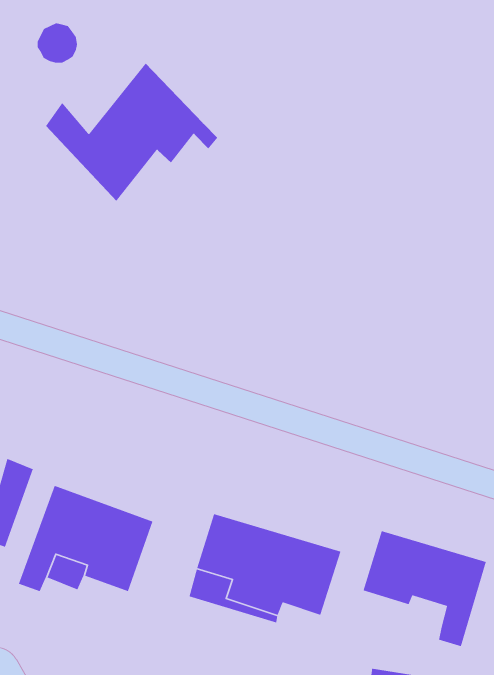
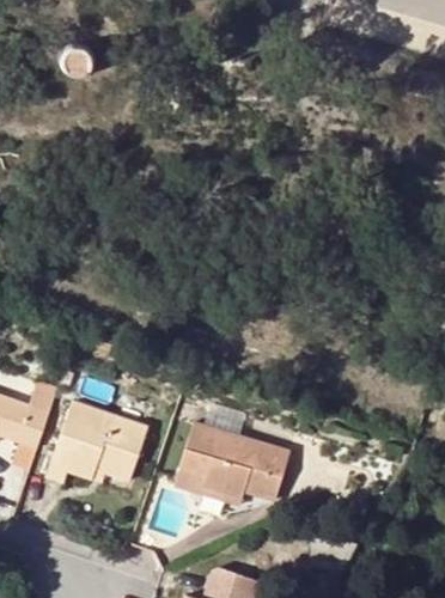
building: [45,62,218,202] -> none
building: [363,530,487,647] -> none

